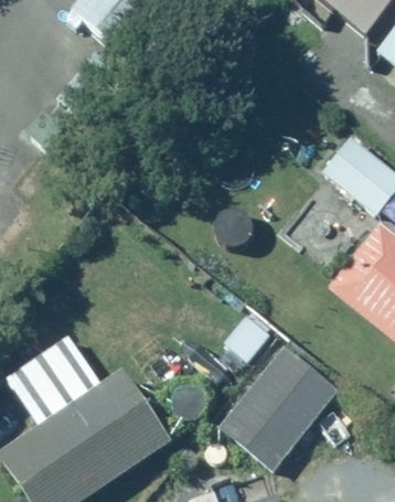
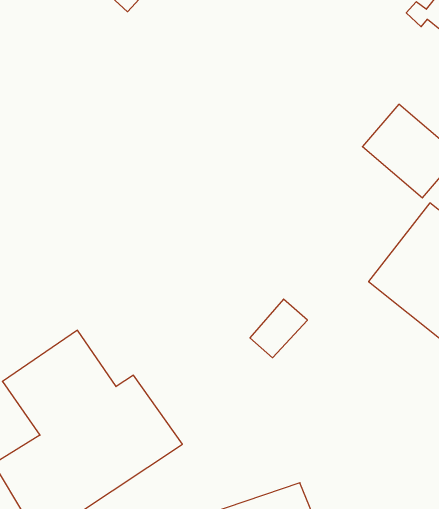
building: [220,349,334,466] -> none

